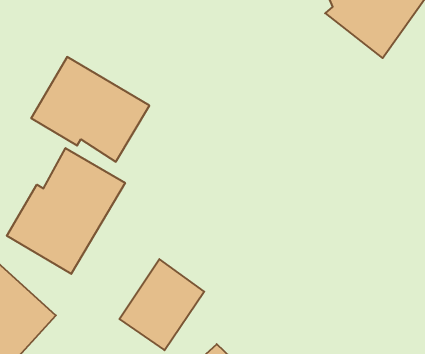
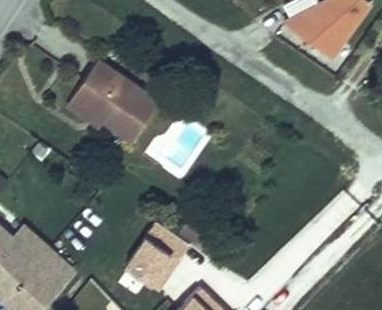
building: [7,148,125,274] -> none

